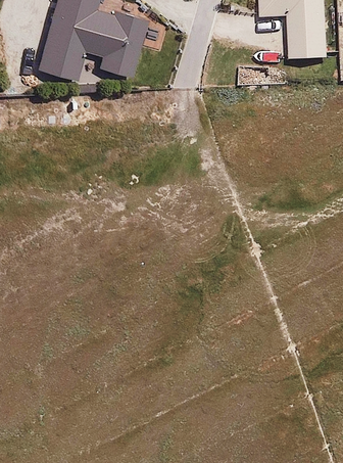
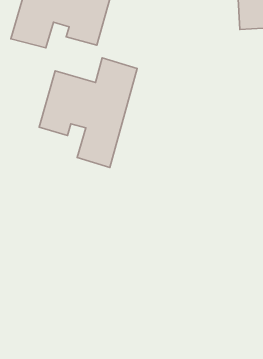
building: none -> [39,58,137,168]

